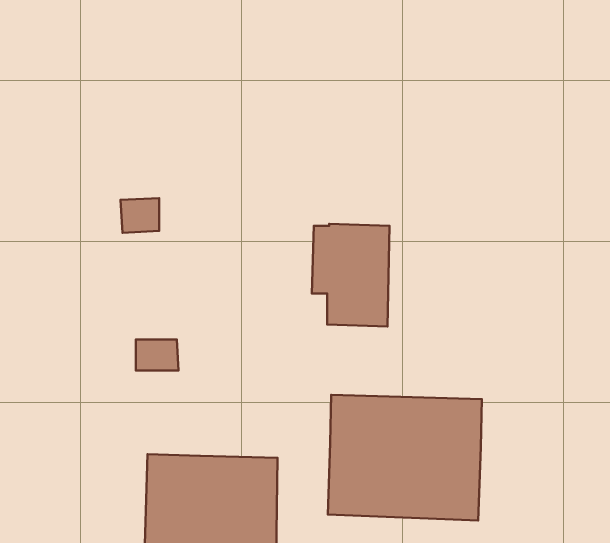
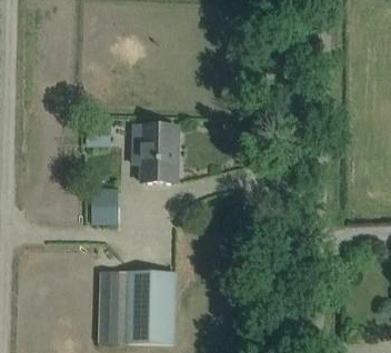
building: [312,224,389,327] -> [133,124,178,183]
building: [328,395,482,521] -> none

